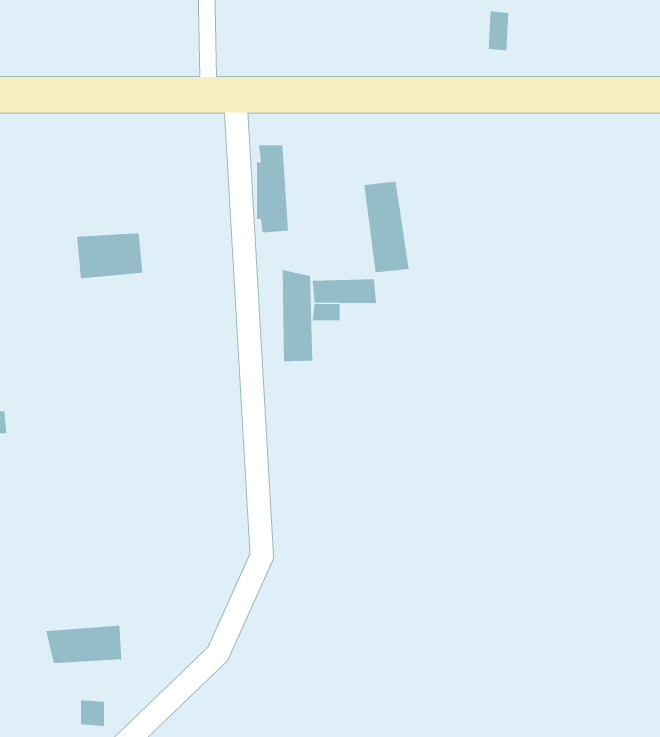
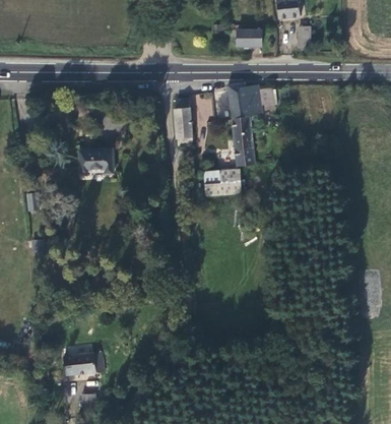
building: none -> [231,33,261,49]
building: none -> [226,82,275,120]
building: [282,269,313,362] -> none

